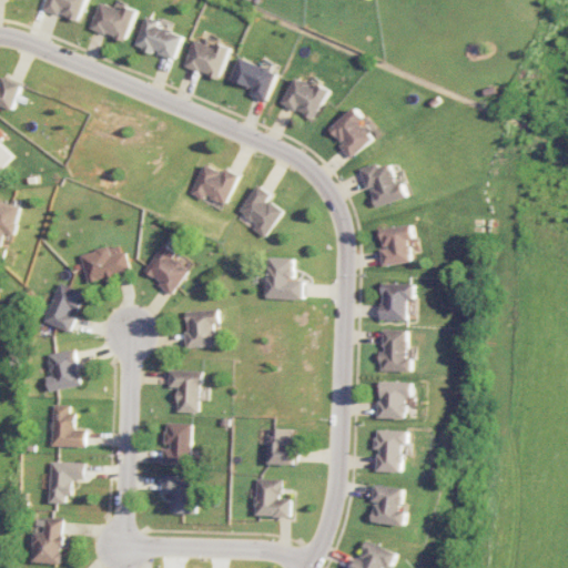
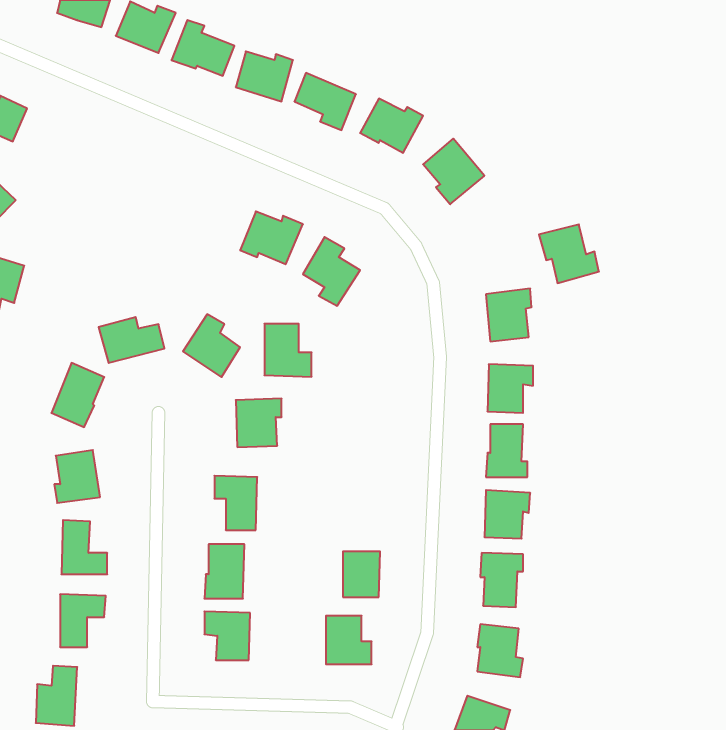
building: [359,161,406,206] -> [539,224,599,283]
building: [265,257,302,298] -> [264,324,312,377]

